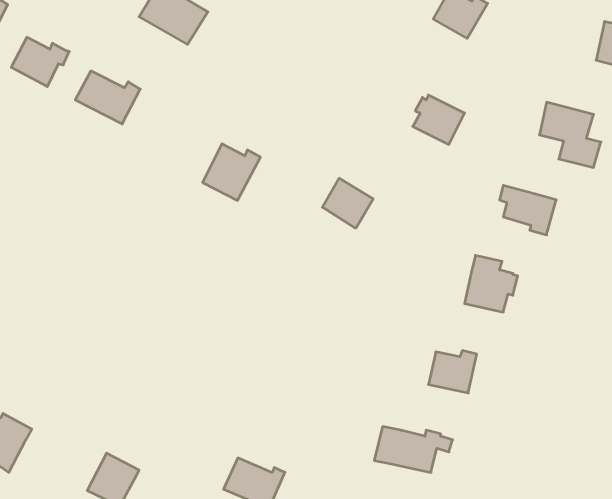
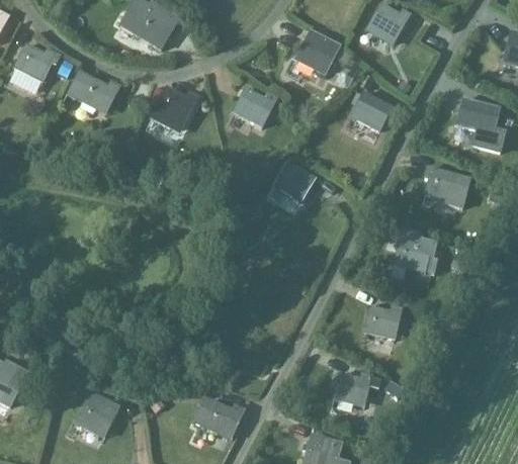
building: none -> [294,29,340,75]
building: none -> [232,87,278,128]
building: [203,144,260,200] -> [150,86,198,133]

